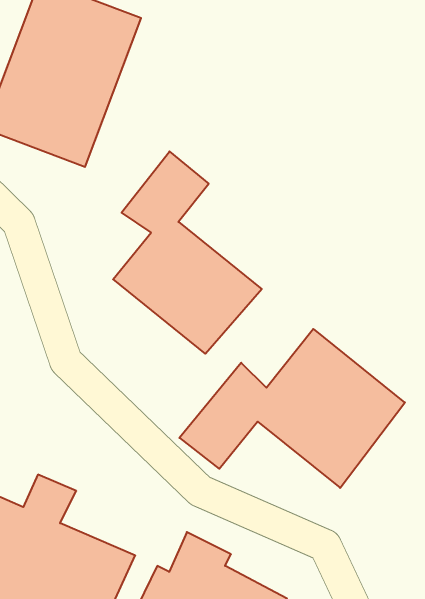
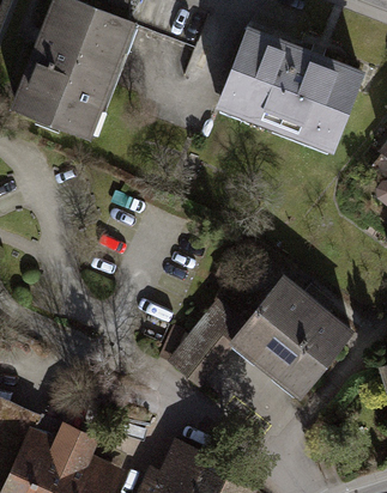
building: none -> [214,22,364,151]
building: [113,151,262,354] -> none

